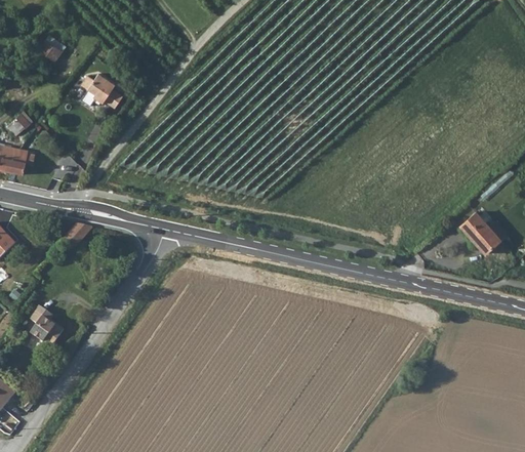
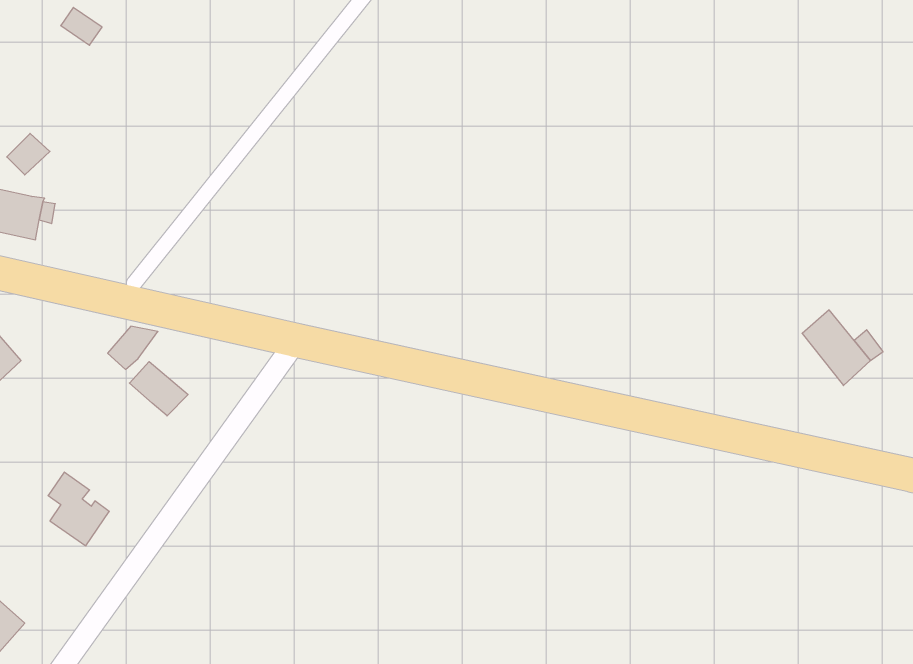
building: [81,73,123,107] -> none
building: none -> [129,362,188,416]

